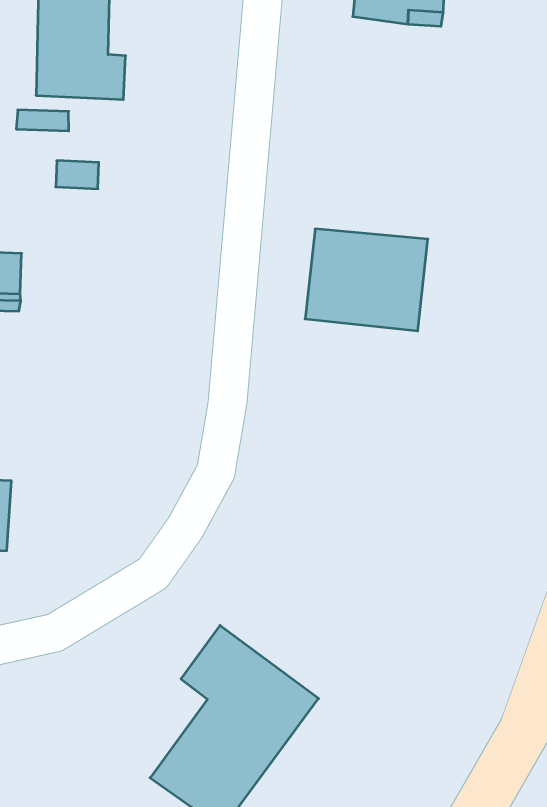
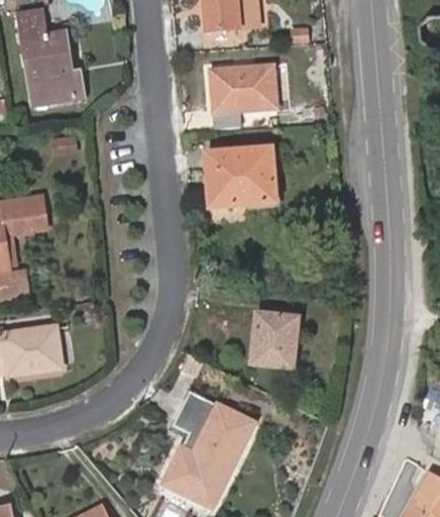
building: none -> [212,67,274,126]
building: none -> [252,313,299,367]

